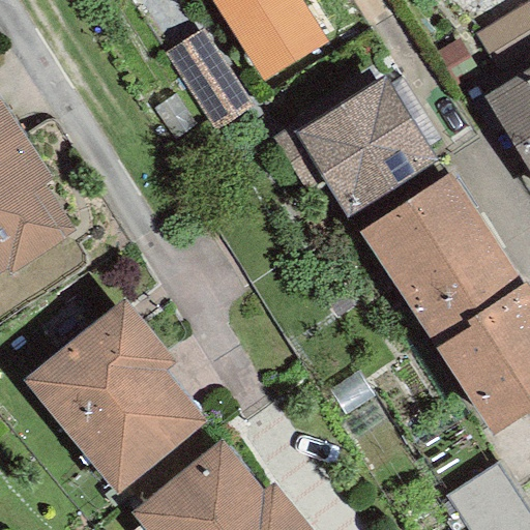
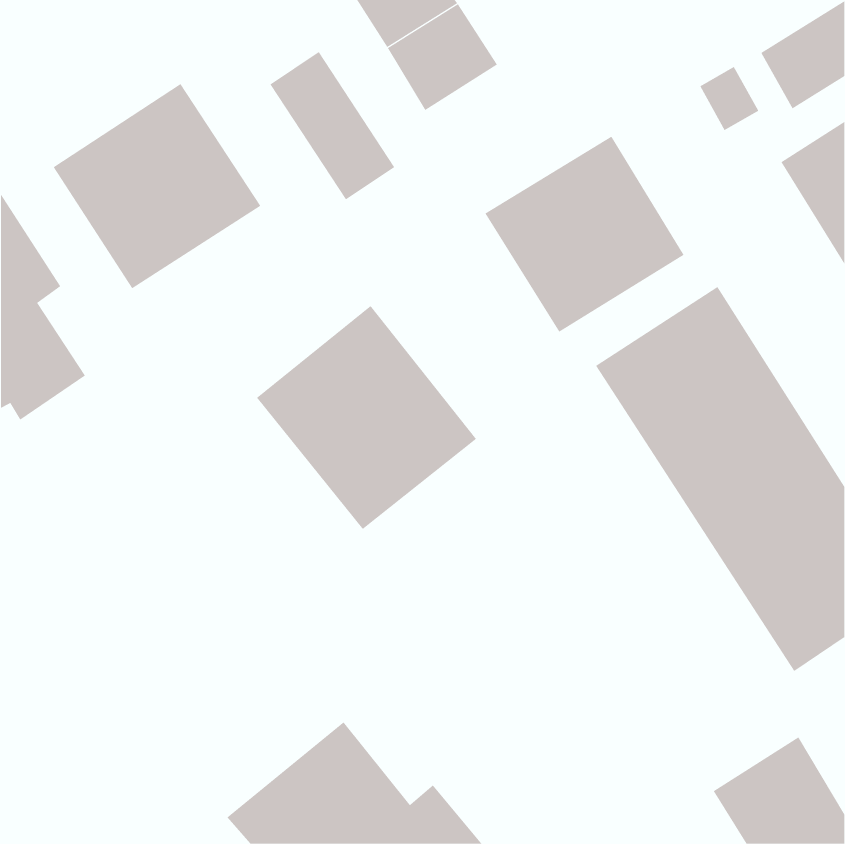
building: none -> [53,83,261,289]
building: none -> [256,305,477,530]
building: [35,310,192,481] -> none

